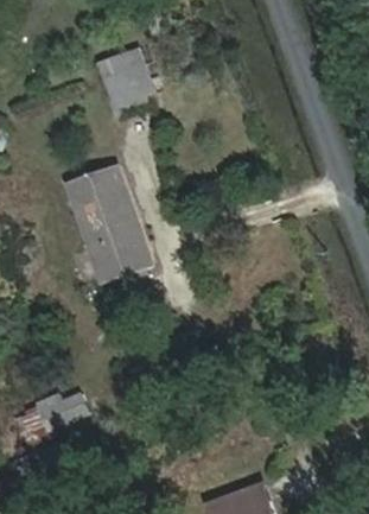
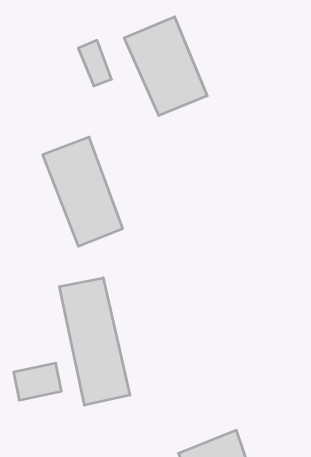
building: none -> [124,17,207,116]
building: none -> [60,278,130,405]

